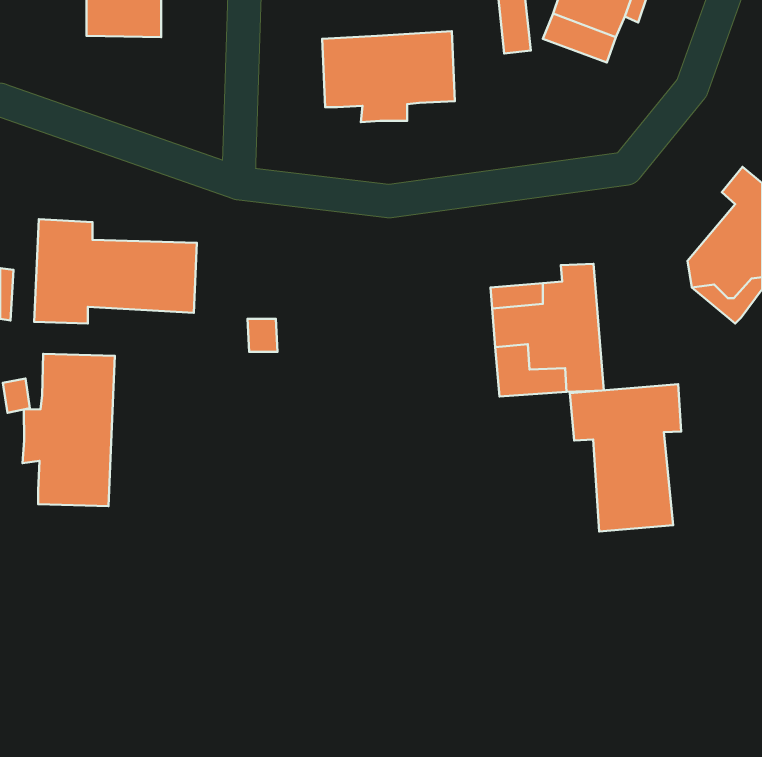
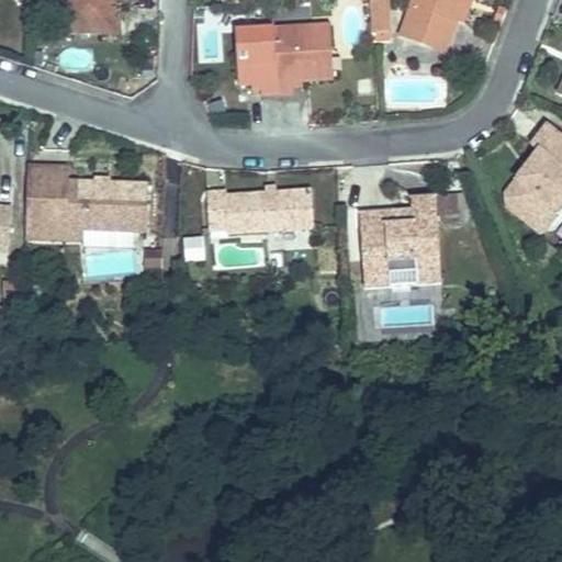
building: none -> [210,187,314,232]
building: [23,354,115,506] -> none
building: [570,384,681,531] -> none

